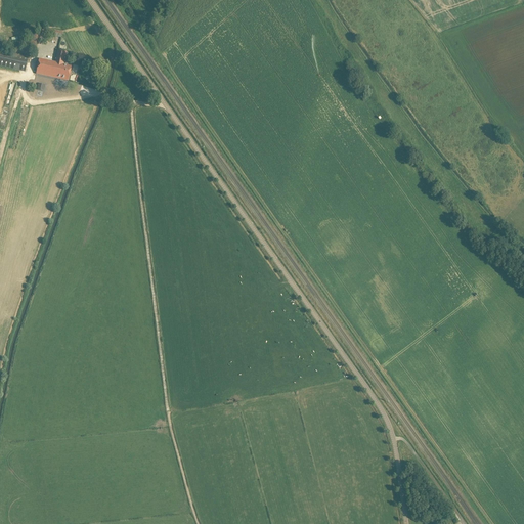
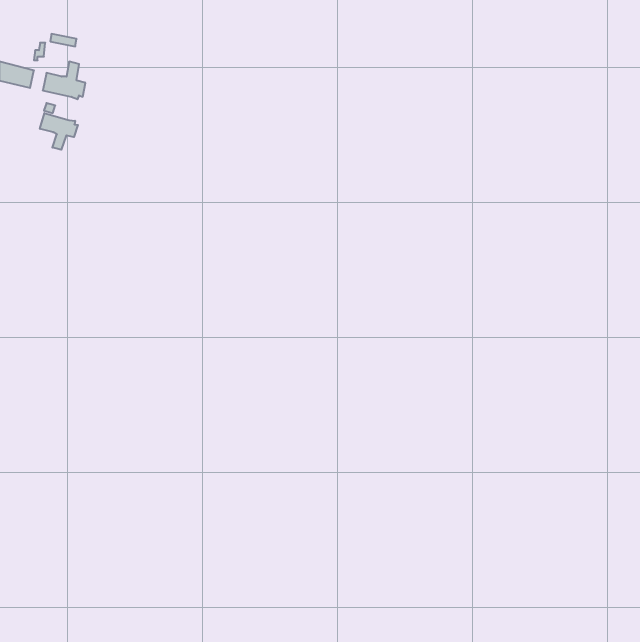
building: none -> [40,113,78,150]

